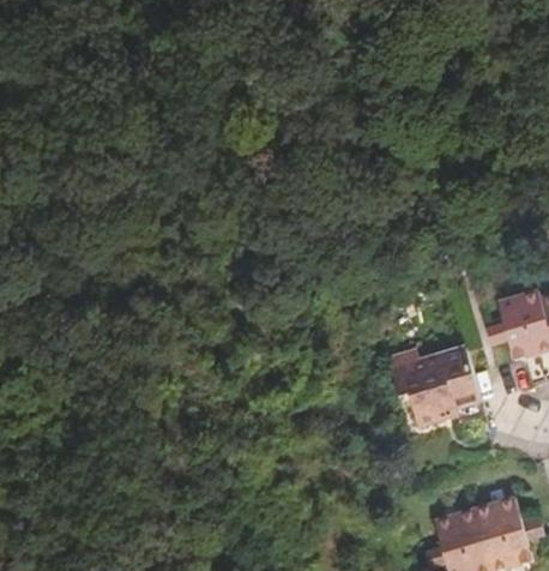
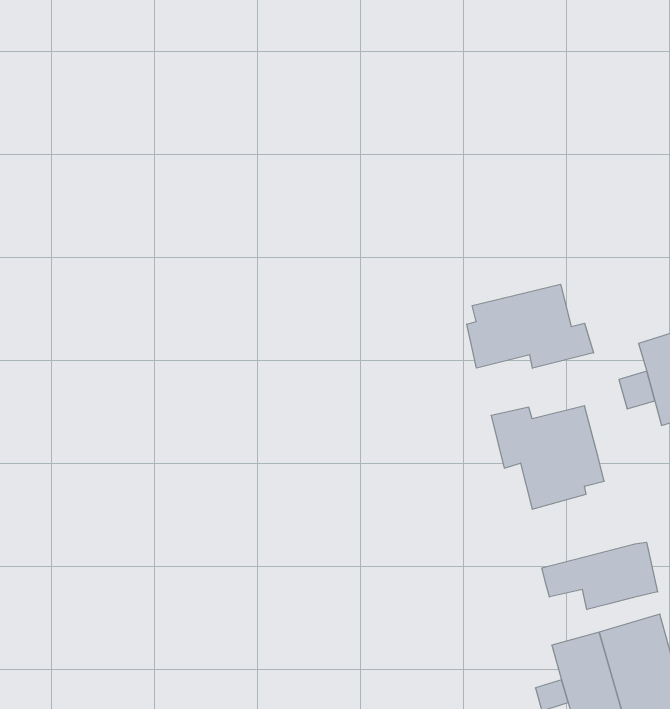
building: none -> [467,284,594,368]
building: none -> [542,542,658,610]

